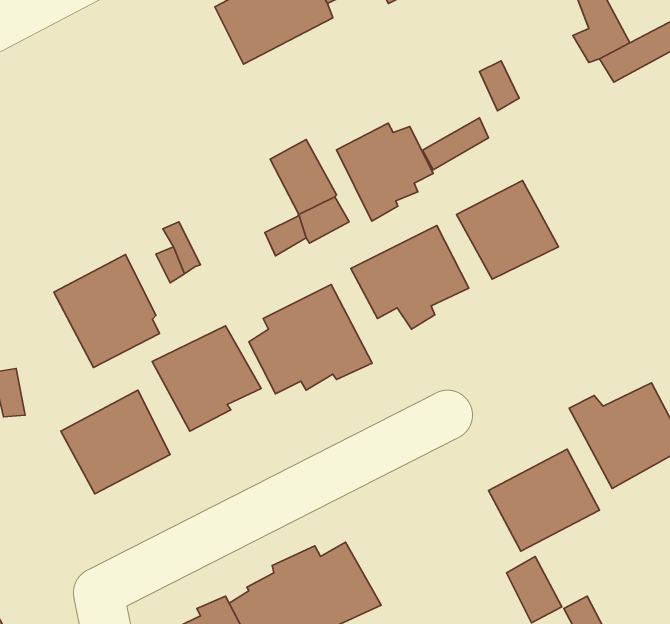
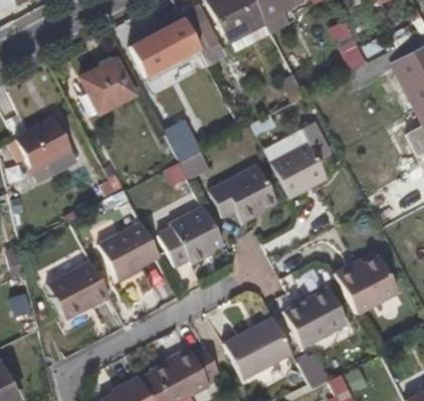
building: none -> [79,58,136,118]
building: [336,123,433,221] -> none
building: [54,255,160,367] -> [17,117,76,180]
building: none -> [226,317,292,378]

